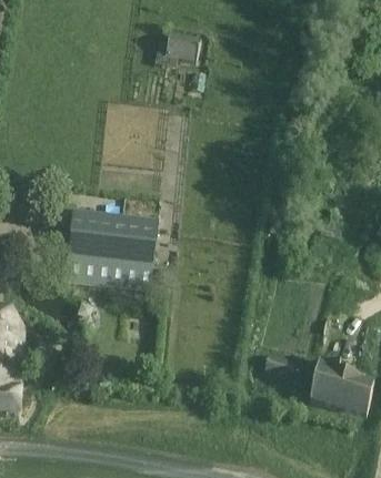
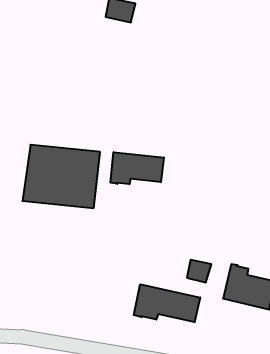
building: none -> [111,152,164,184]
building: none -> [134,284,200,322]

